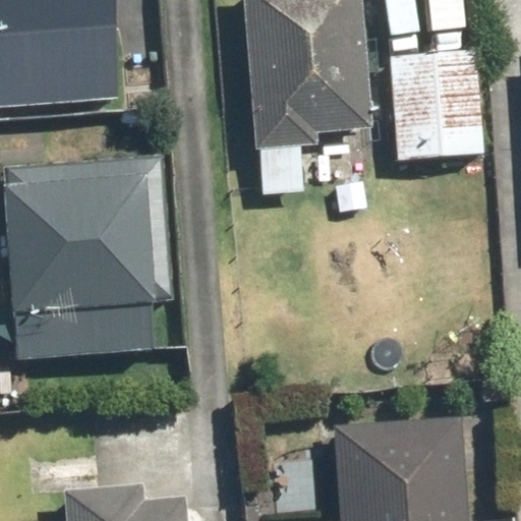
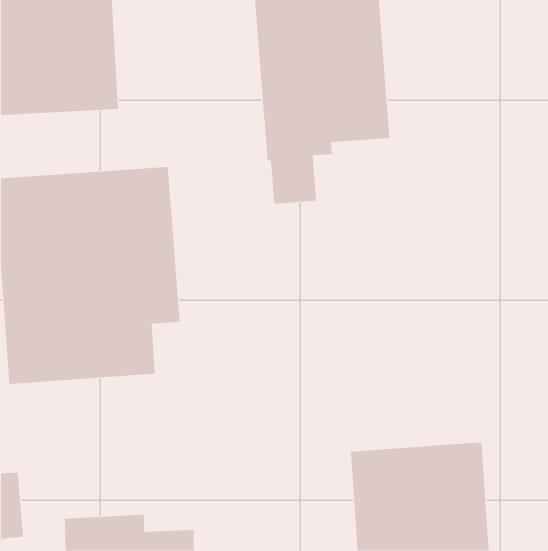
building: [390,52,483,162] -> none

